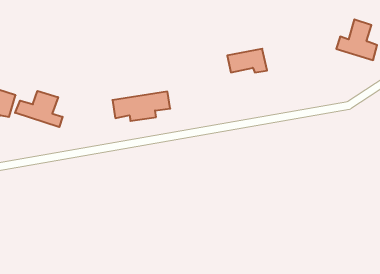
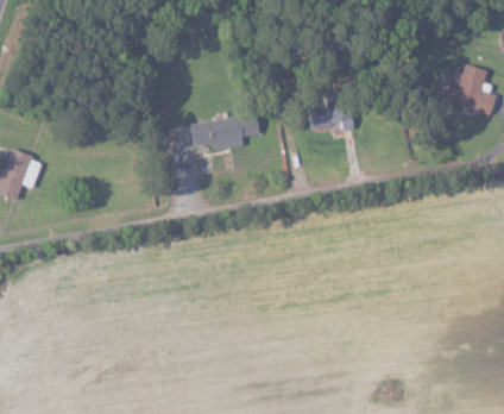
building: [15,91,63,127] -> none
building: [112,92,170,121] -> [188,113,260,150]

